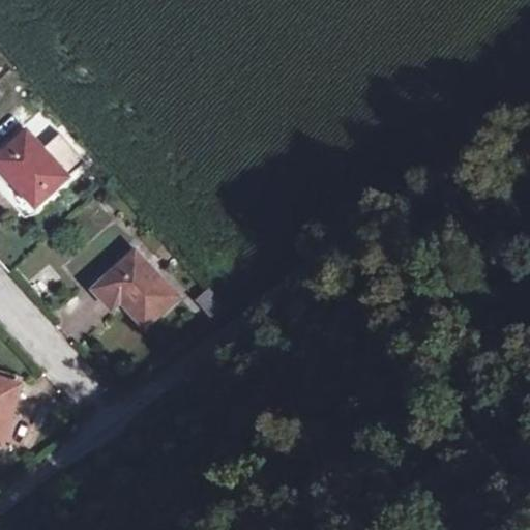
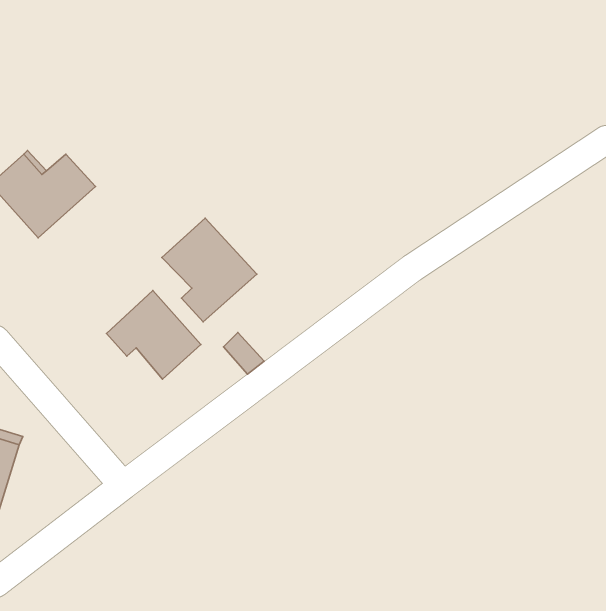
building: none -> [162,218,257,322]

